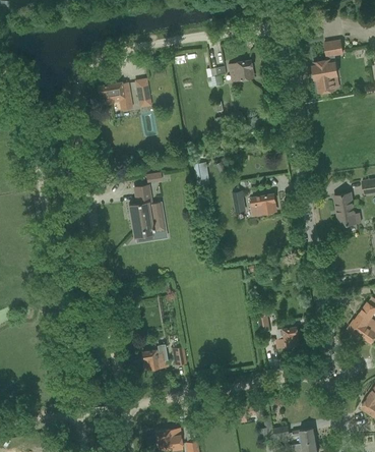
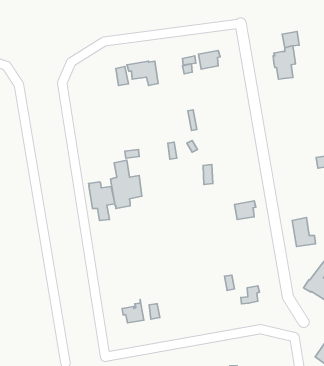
building: [97,82,132,110] -> [127,61,158,85]
building: [334,192,361,225] -> [292,218,315,246]
building: [251,193,275,215] -> [234,201,256,220]
building: none -> [89,182,115,221]

